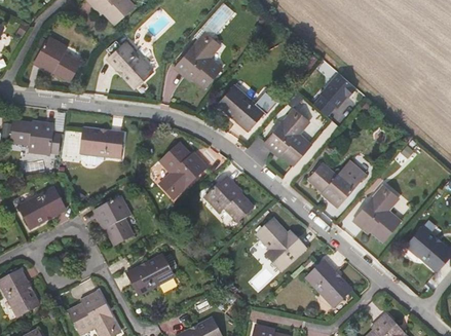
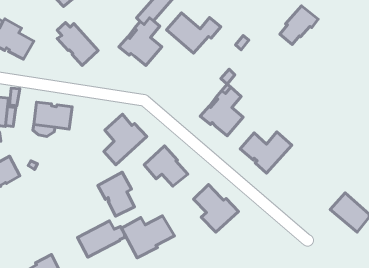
building: [313,72,355,114] -> [280,6,318,44]
building: [217,84,276,128] -> [166,13,221,53]
building: [352,183,400,238] -> none
building: [93,195,134,244] -> [98,172,134,216]
building: none -> [122,216,175,258]
building: [305,259,348,304] -> none

